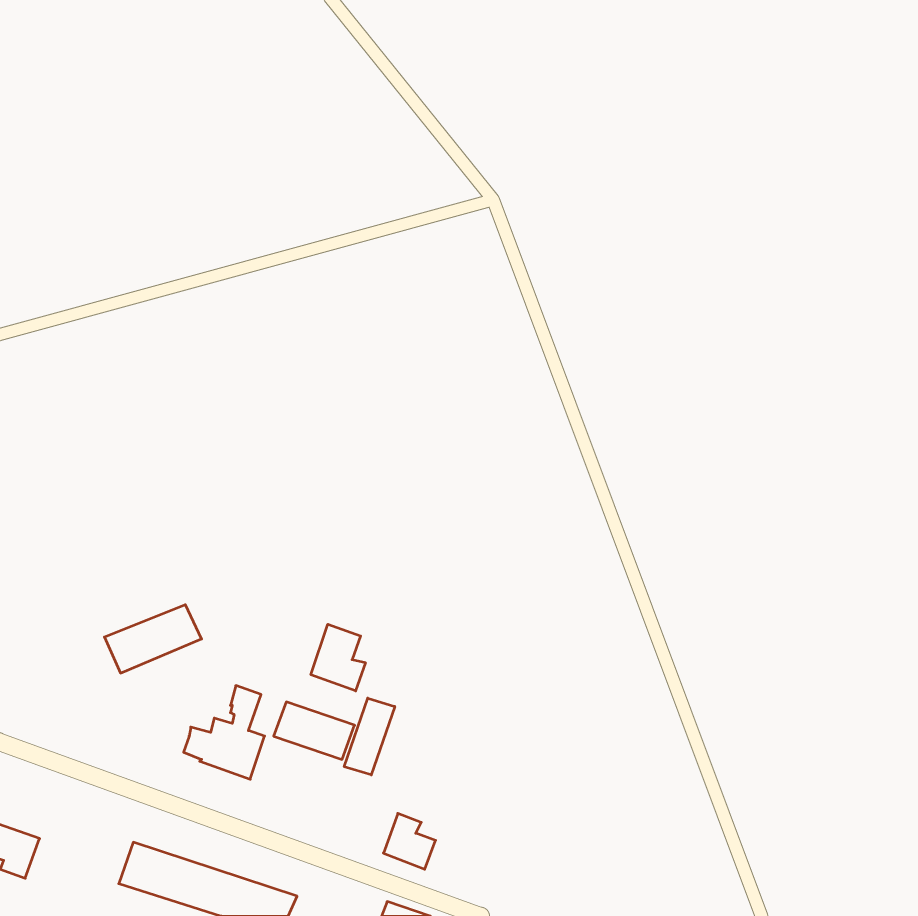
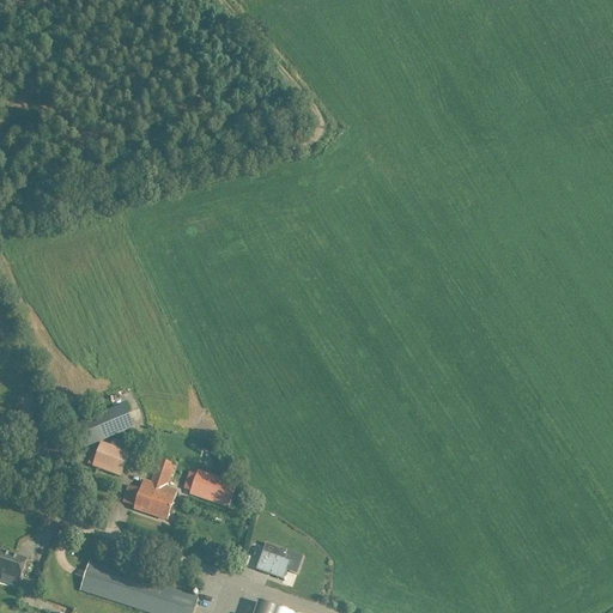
building: [311,624,365,691] -> none
building: none -> [93,444,127,475]
building: [344,698,395,775] -> none

